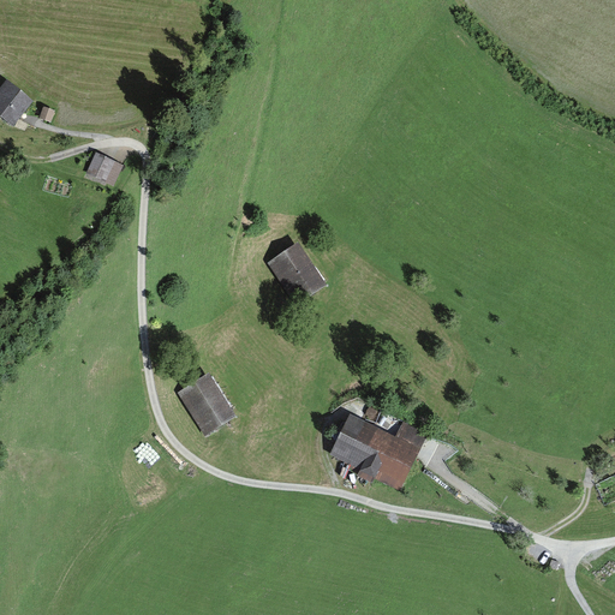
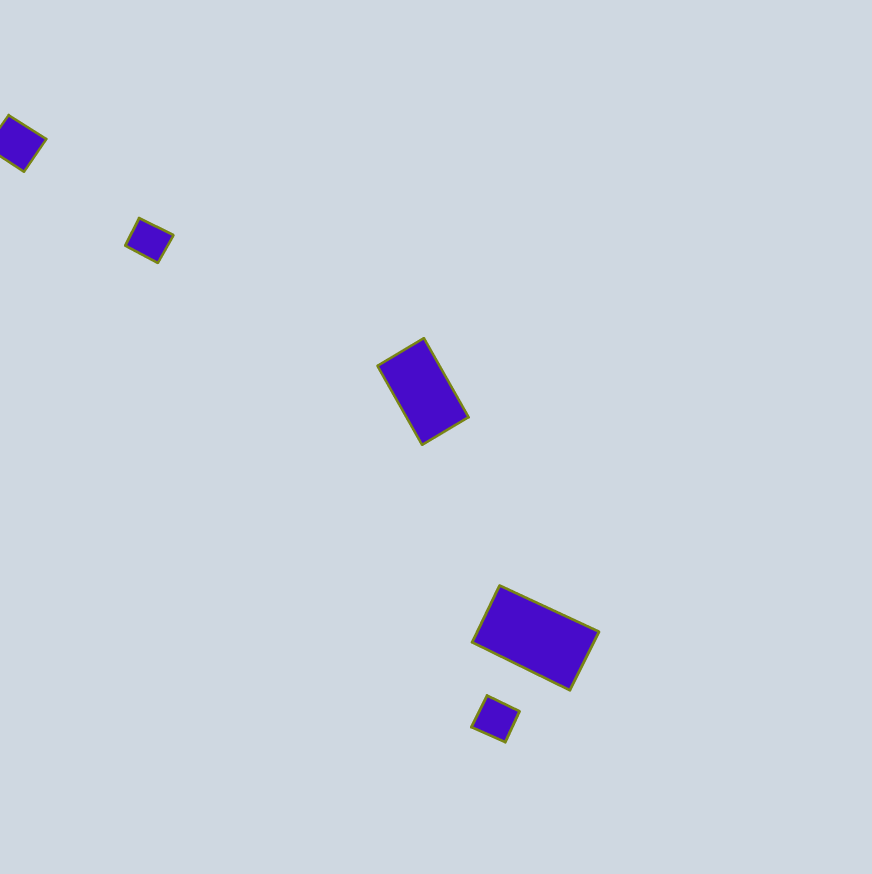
building: [183,378,229,431] -> none
building: none -> [471,695,519,742]

